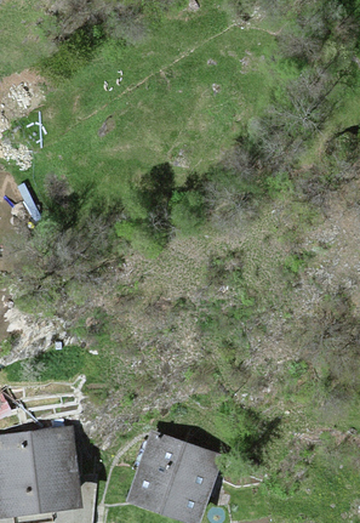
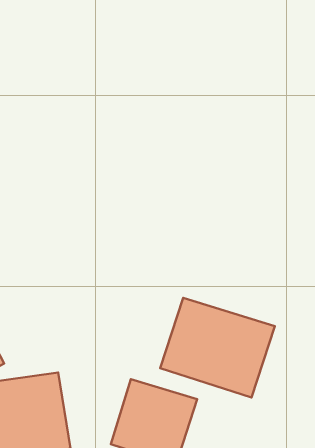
building: none -> [160,298,275,397]

